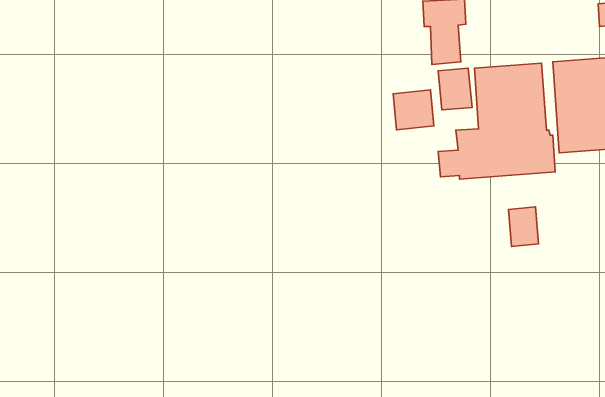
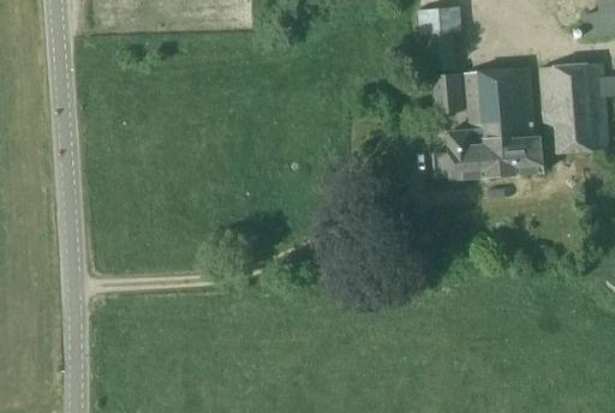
building: [393,90,434,130] -> none
building: [509,207,539,247] -> none

